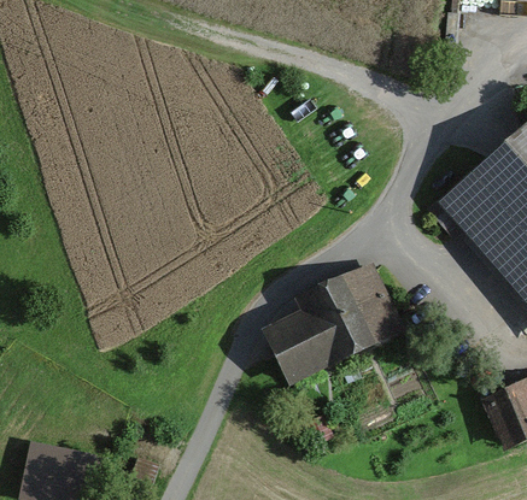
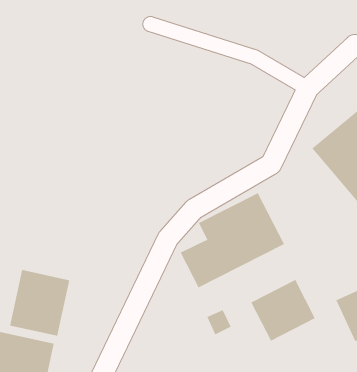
building: none -> [9,269,70,336]
building: none -> [251,279,316,341]

